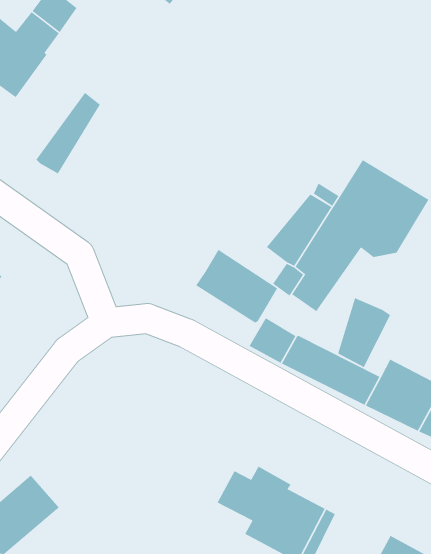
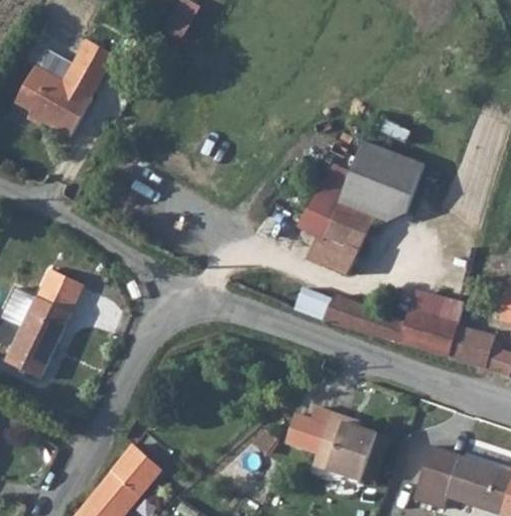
building: [36,92,101,174] -> none
building: [195,249,278,324] -> none
building: [337,297,391,368] -> none

